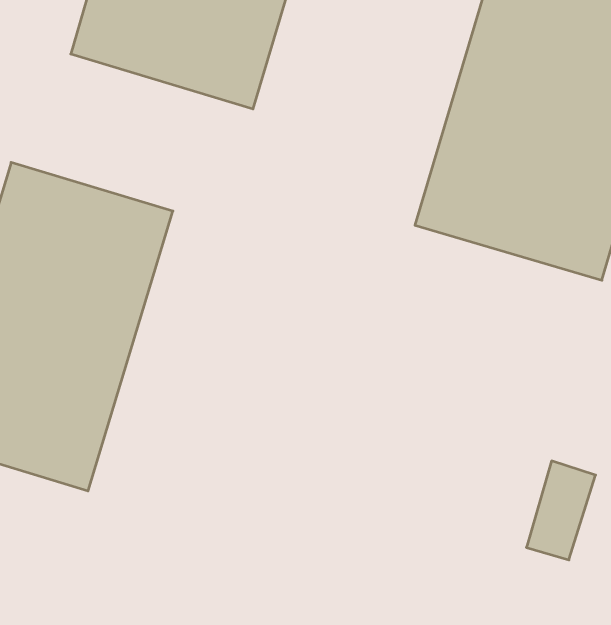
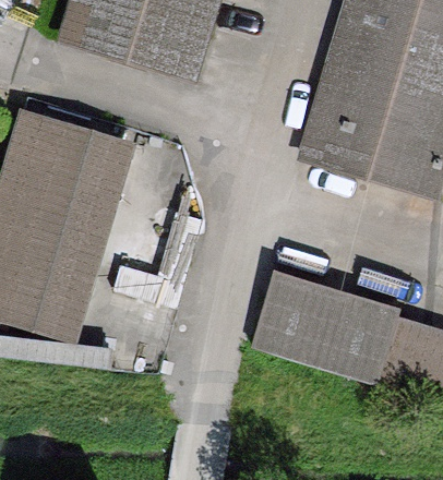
building: none -> [252,272,399,383]

